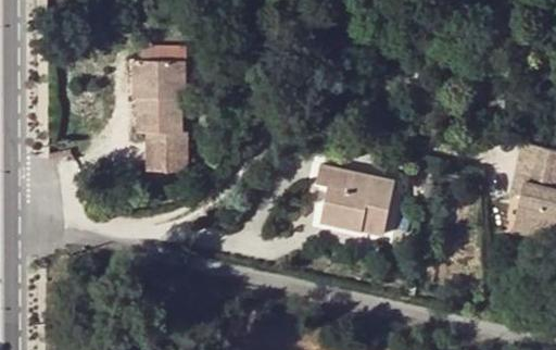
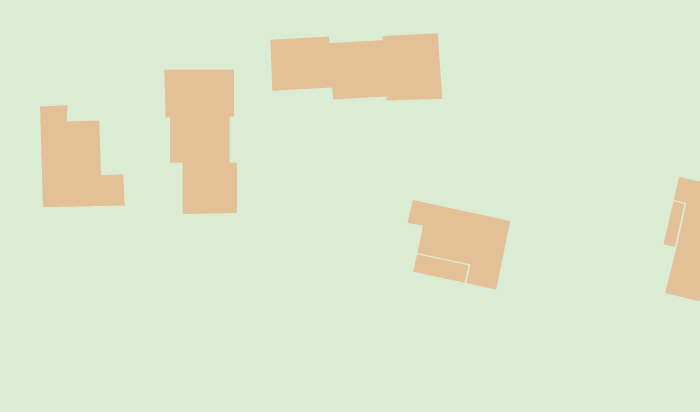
building: none -> [270,32,443,101]
building: none -> [39,105,125,208]

